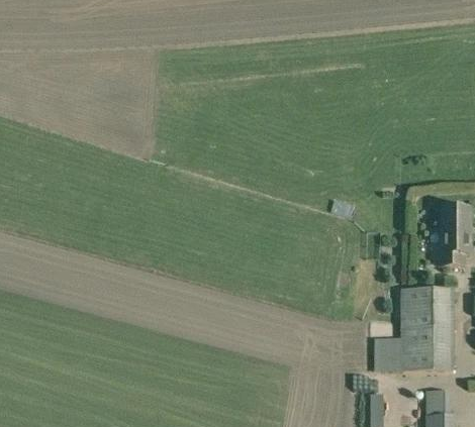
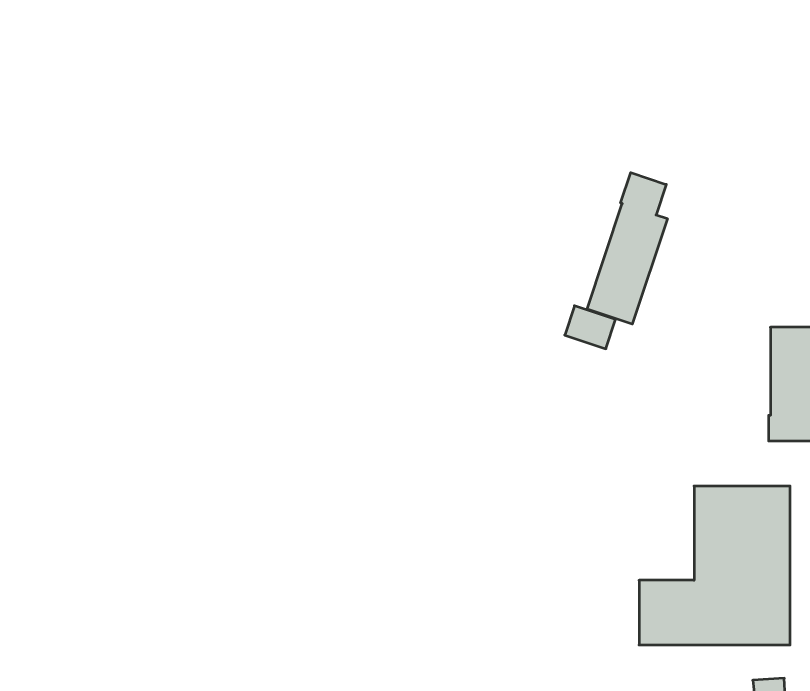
building: none -> [587,173,667,324]

